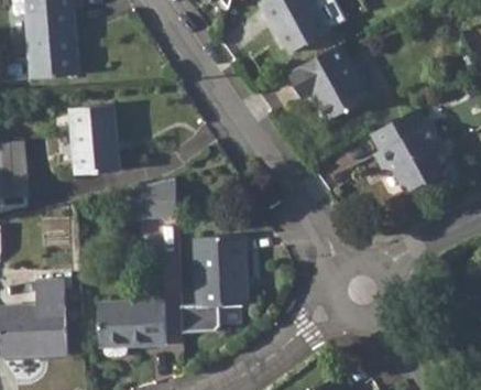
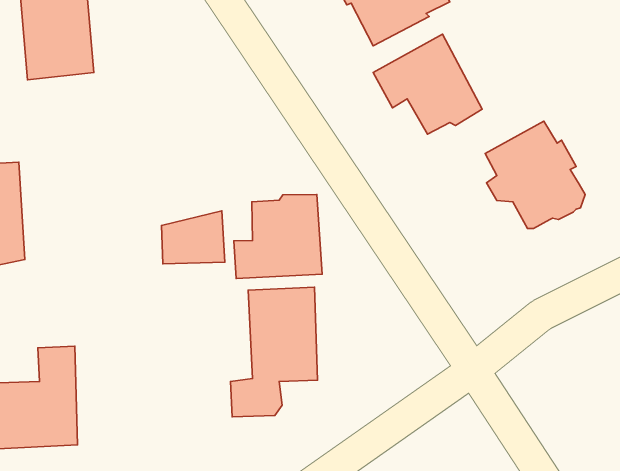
building: [69,105,119,173] -> none
building: none -> [234,194,322,279]
building: [98,300,165,358] -> none

